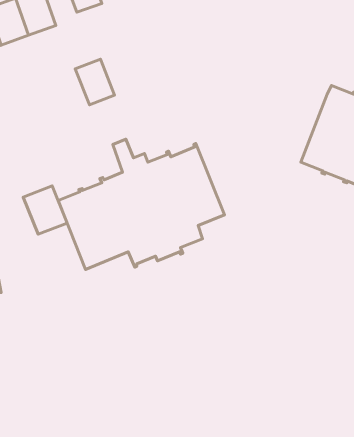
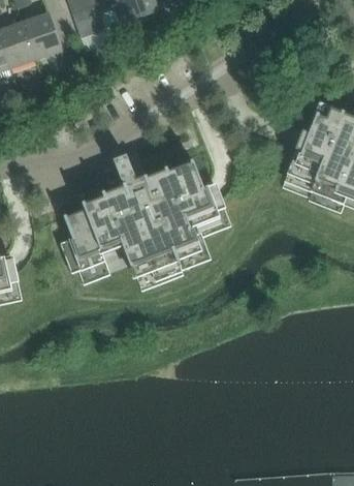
building: [75,59,115,105] -> none
building: [23,186,67,234] -> none

